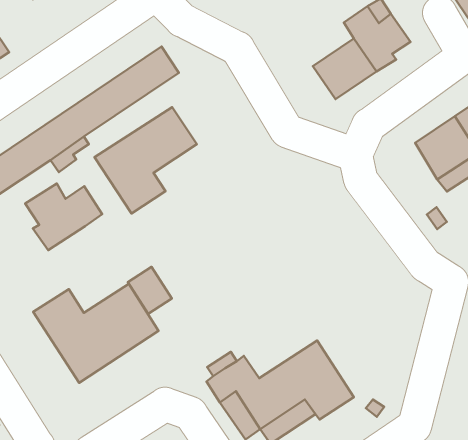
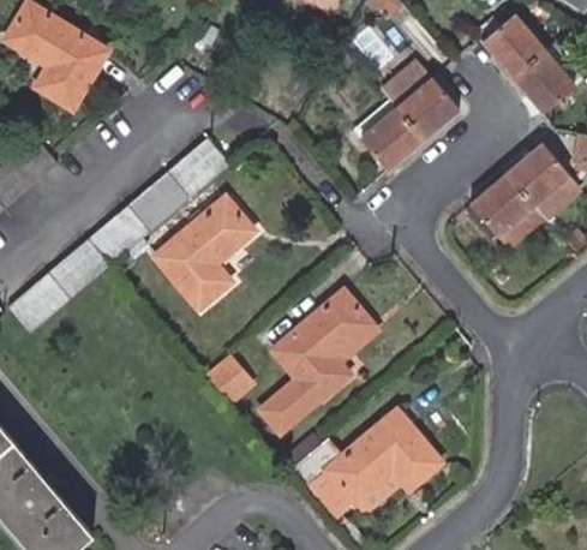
building: [25,184,102,250] -> none
building: none -> [263,291,371,432]
building: [33,284,159,383] -> none

